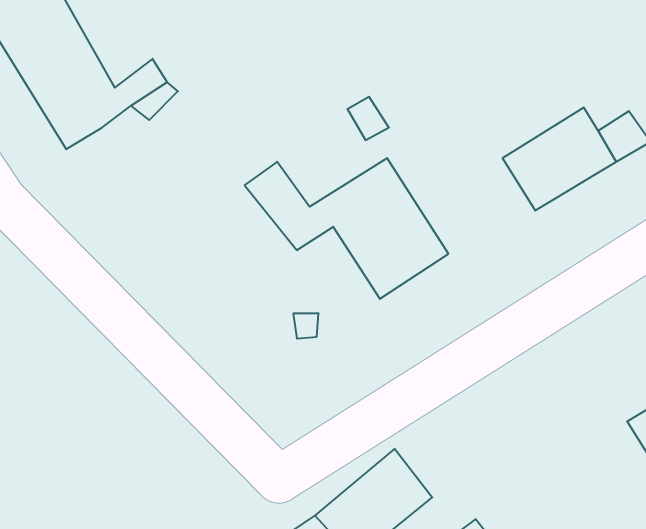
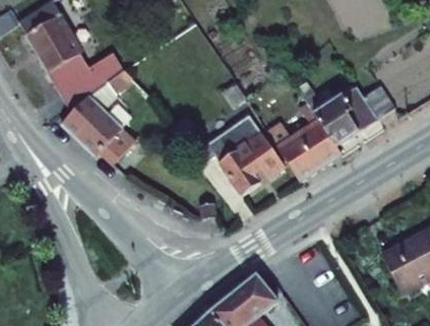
building: none -> [53,96,130,160]
building: none -> [279,102,340,181]

